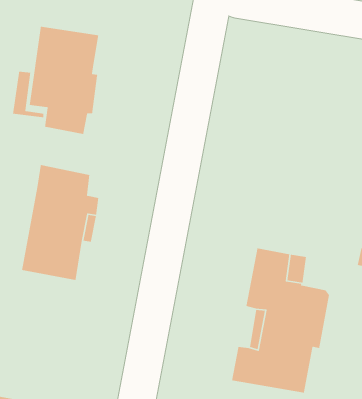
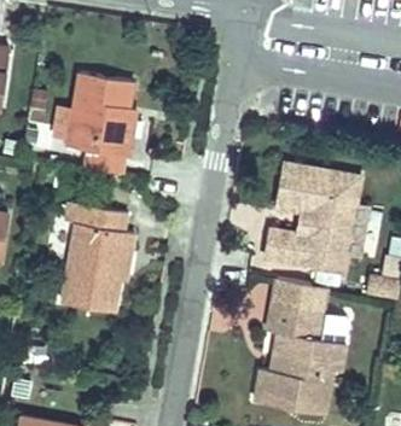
building: none -> [268,164,374,273]

